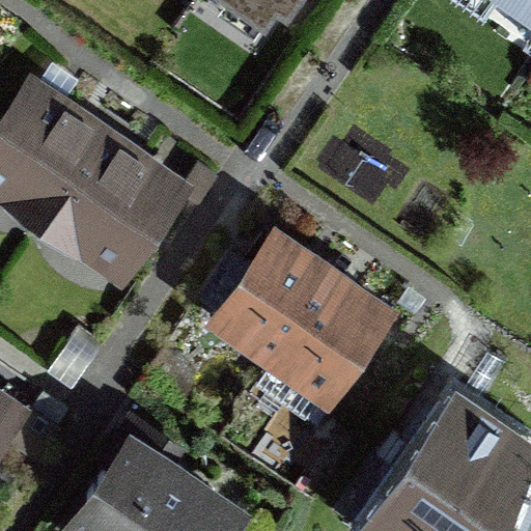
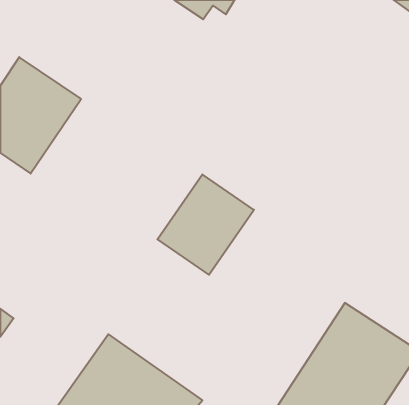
building: [41,135,185,284] -> none
building: [272,278,395,408] -> none

